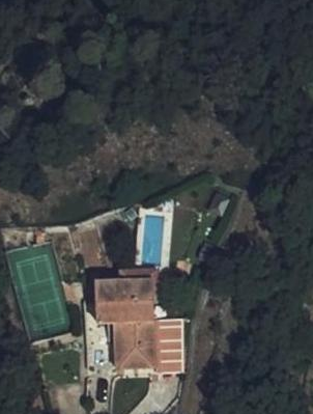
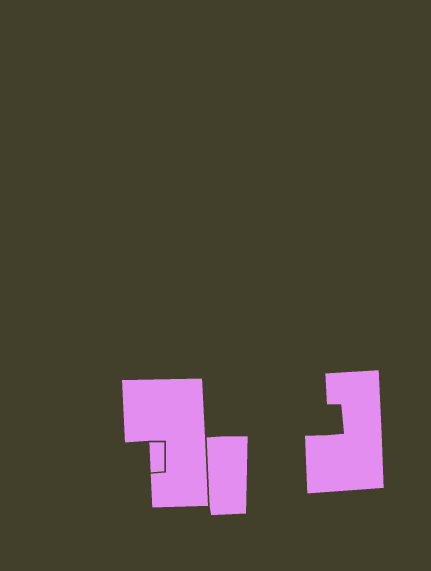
building: none -> [304,369,385,494]

